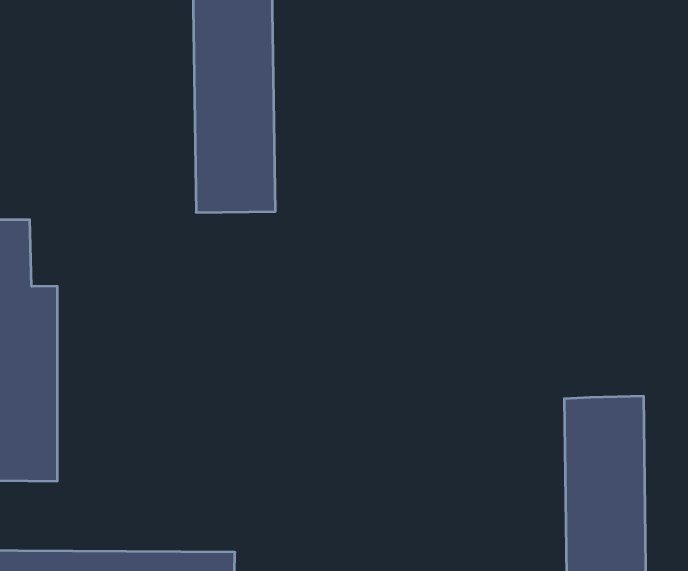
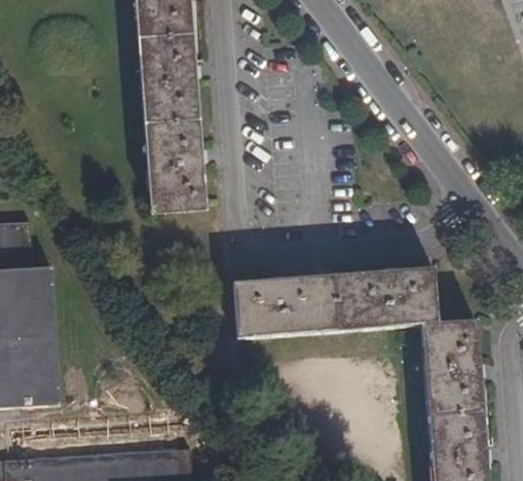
building: none -> [233,270,439,339]

